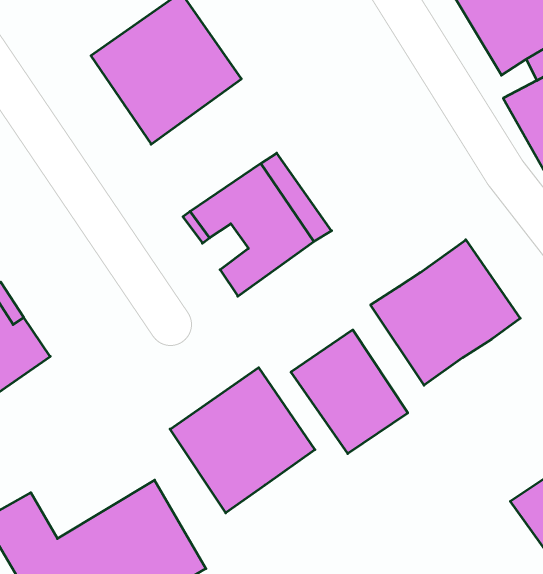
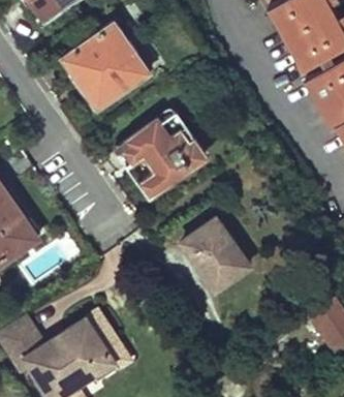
building: [371,240,520,385] -> none
building: [170,368,315,513] -> none

